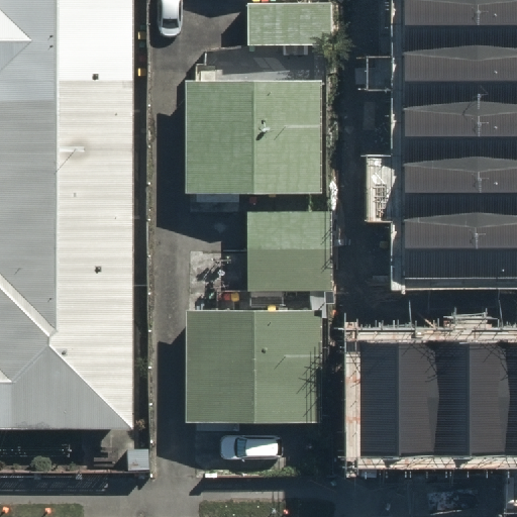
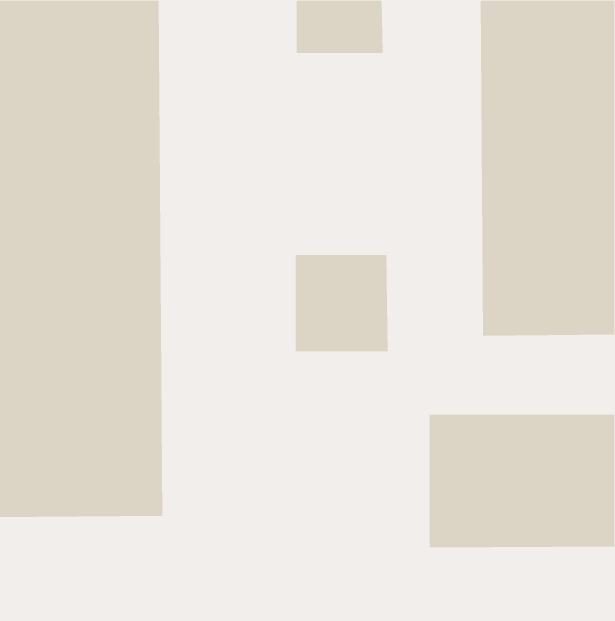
building: [187,75,318,195] -> none
building: [186,308,319,421] -> none

